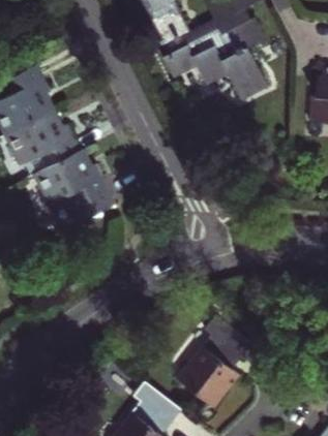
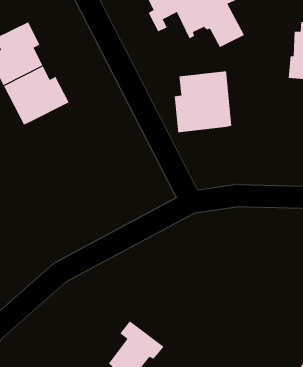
building: none -> [174,71,232,133]
building: [36,153,114,223] -> none
building: [181,316,250,406] -> none

